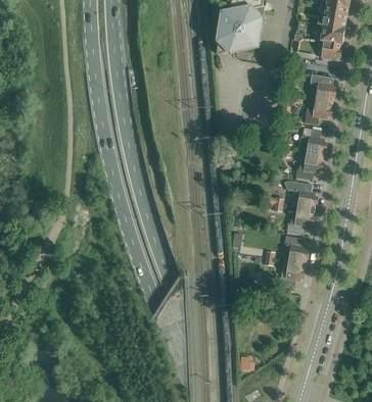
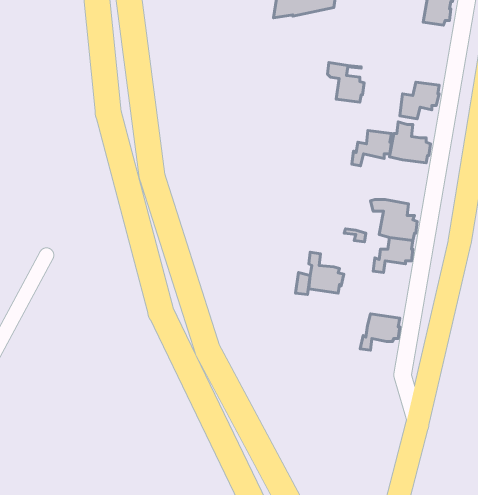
building: [310,73,335,101] -> [327,62,364,102]
building: [295,153,323,178] -> [352,131,391,166]
building: [284,235,309,263] -> [309,252,344,293]

